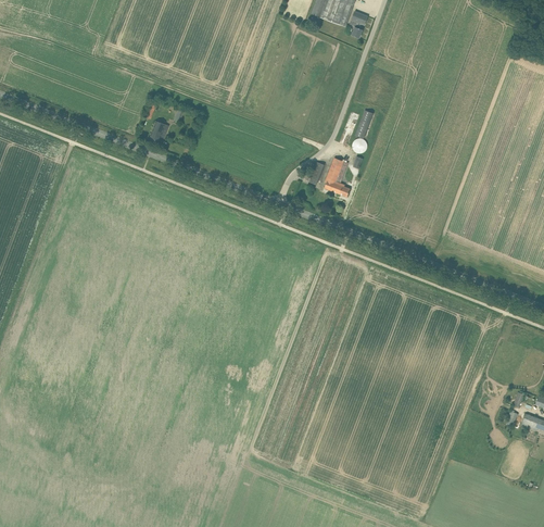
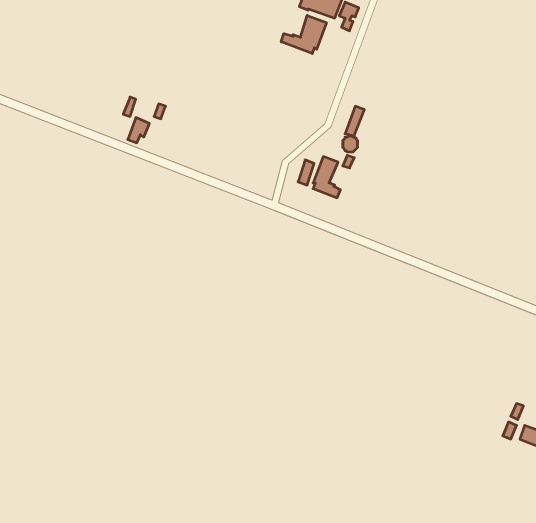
building: none -> [281,15,326,54]

